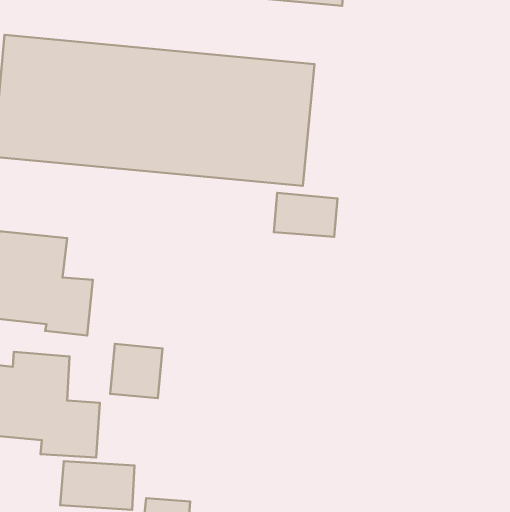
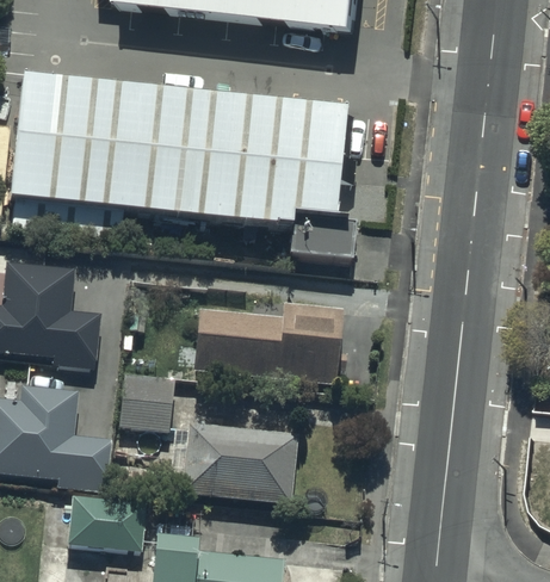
building: none -> [193,302,347,384]
building: none -> [169,425,298,503]

